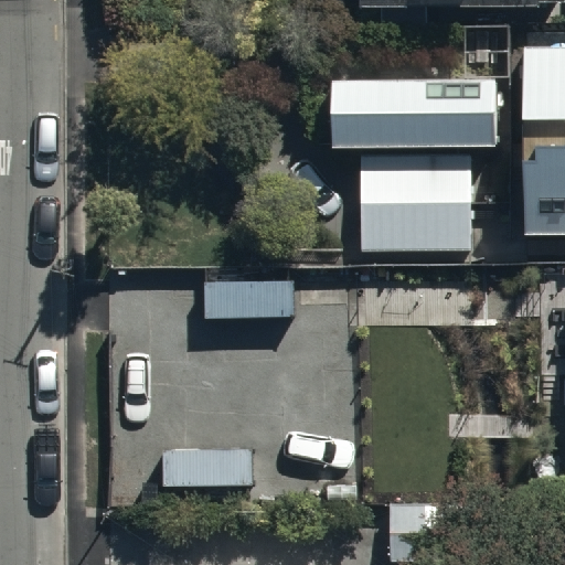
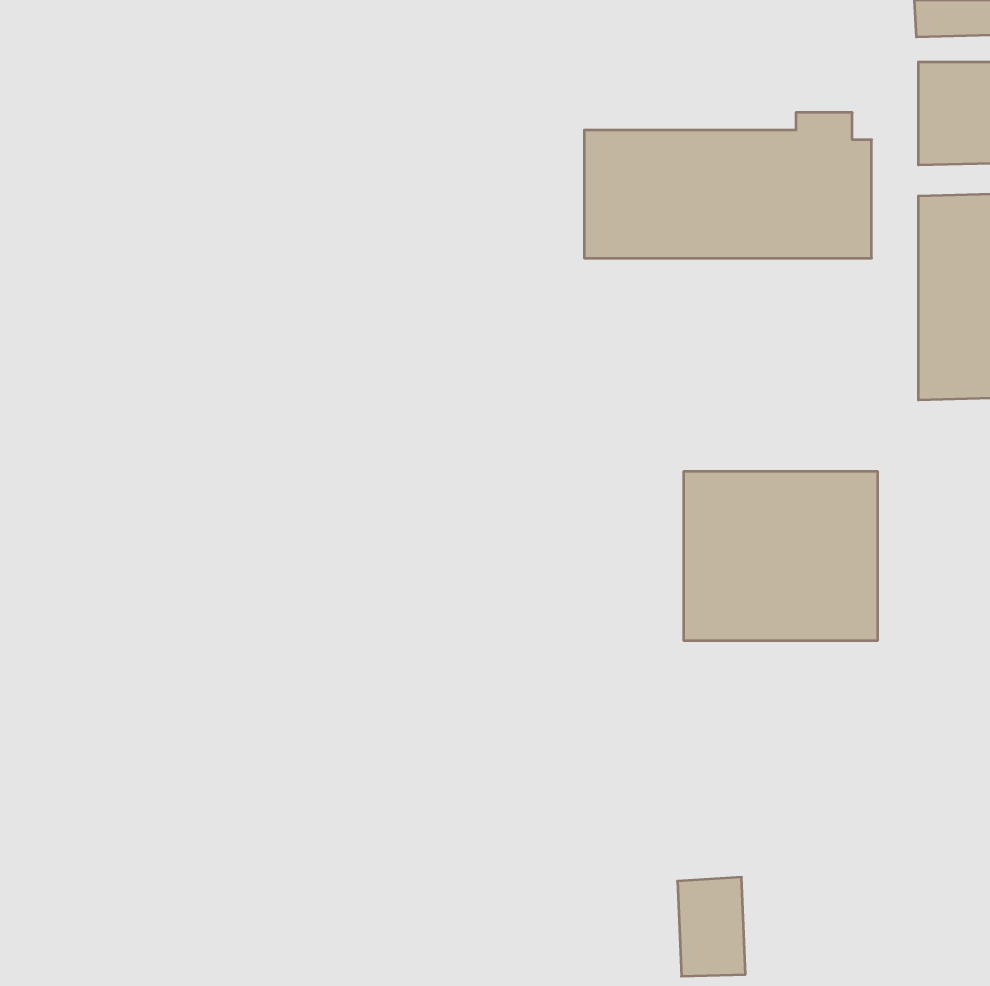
building: [362,158,472,254] -> [684,472,878,640]

